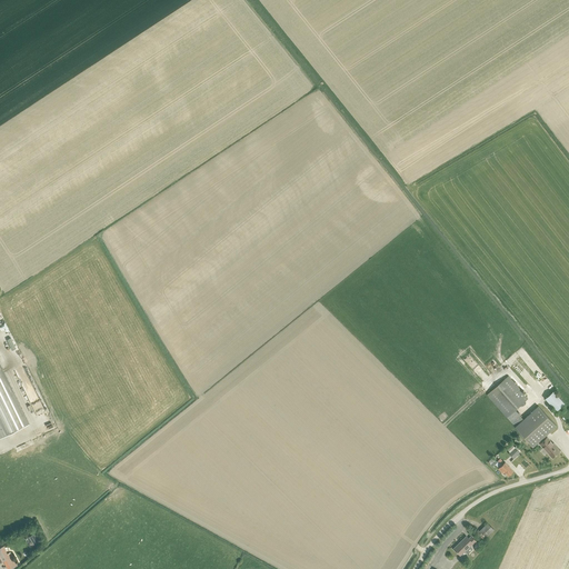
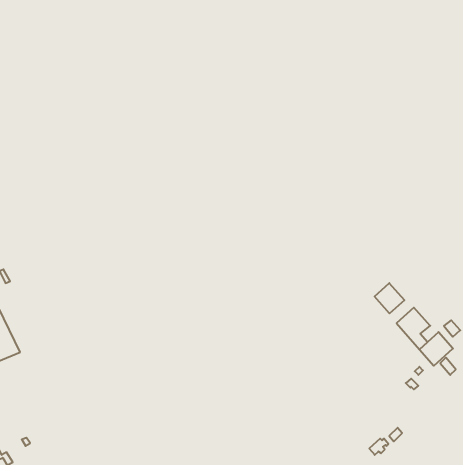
building: none -> [375,283,404,313]

